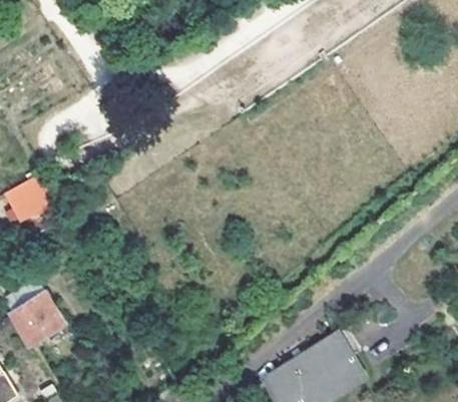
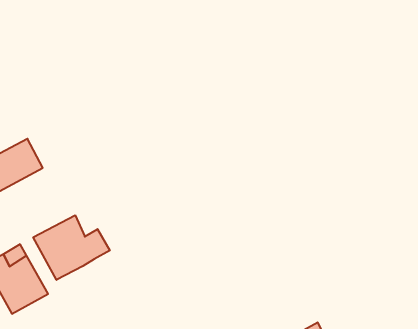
building: none -> [33,215,110,280]

